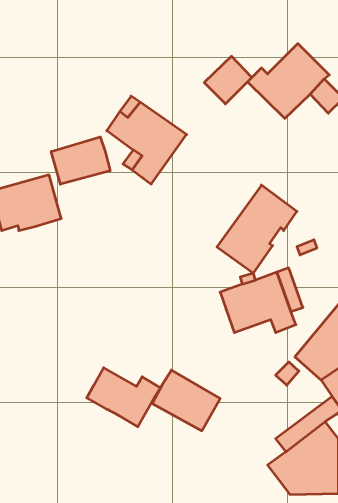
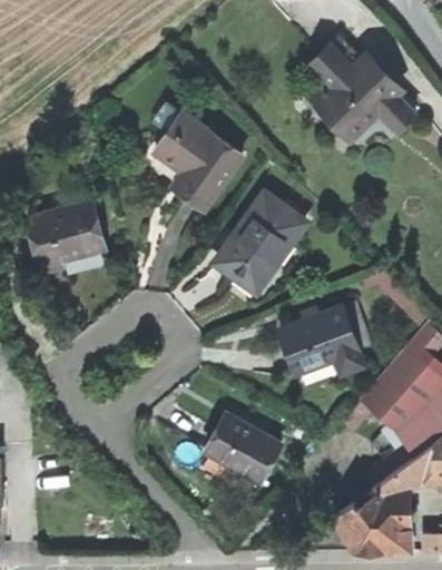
building: [204,56,252,104] -> [308,38,361,90]
building: [51,137,110,184] -> none
building: [217,185,297,273] -> [215,196,303,293]
building: [87,368,160,427] -> none

